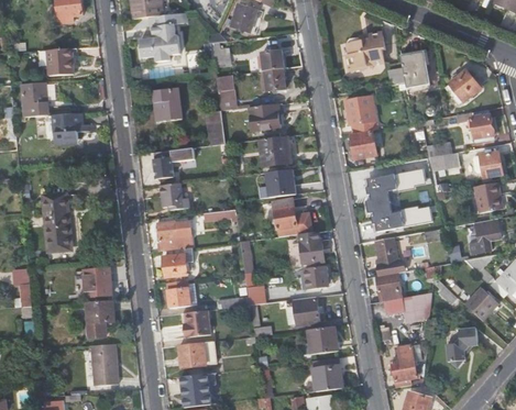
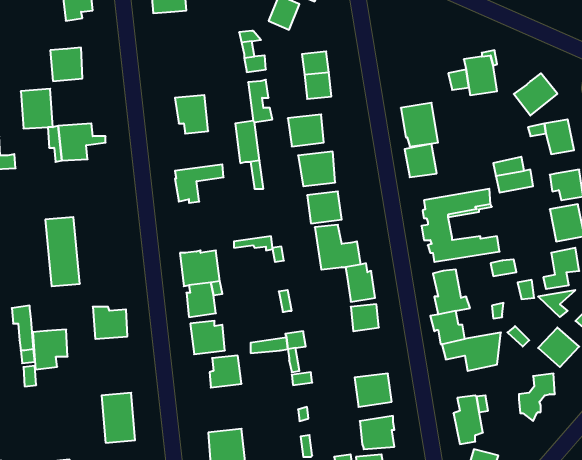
building: [140,13,185,60] -> none
building: [348,31,384,68] -> none
building: [160,184,189,209] -> none
building: [287,297,320,324] -> none
building: [85,299,114,333] -> [33,330,68,369]
building: [179,342,216,367] -> none

